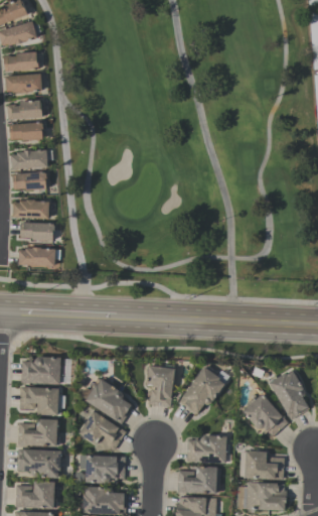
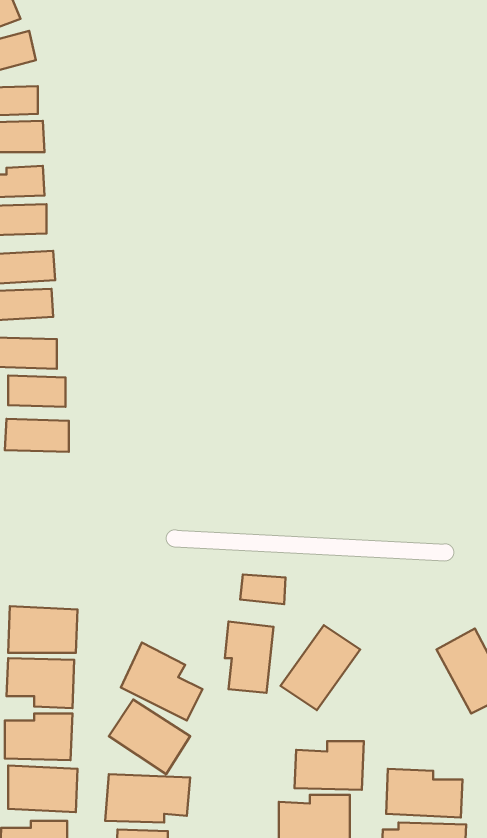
building: none -> [240,574,286,604]
building: [243,393,288,436] -> none

